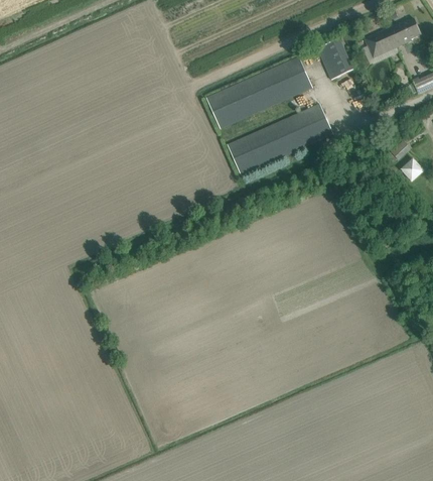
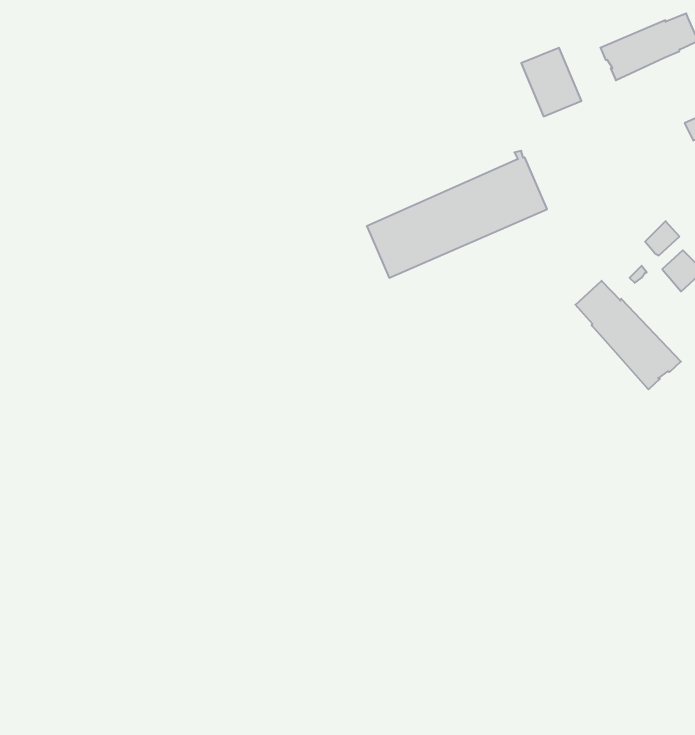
building: [205,56,313,127] -> none
building: none -> [575,281,681,389]

